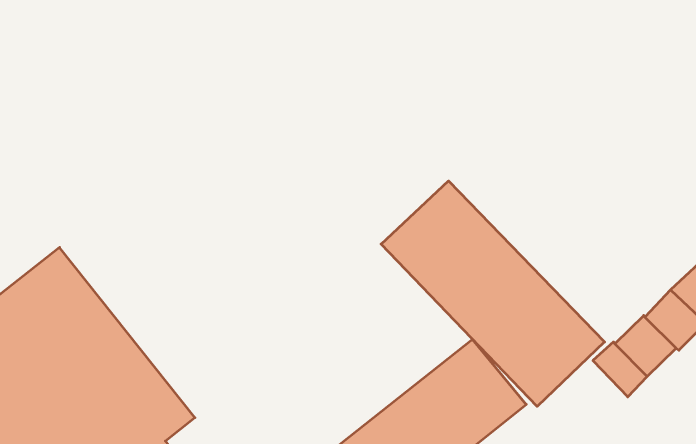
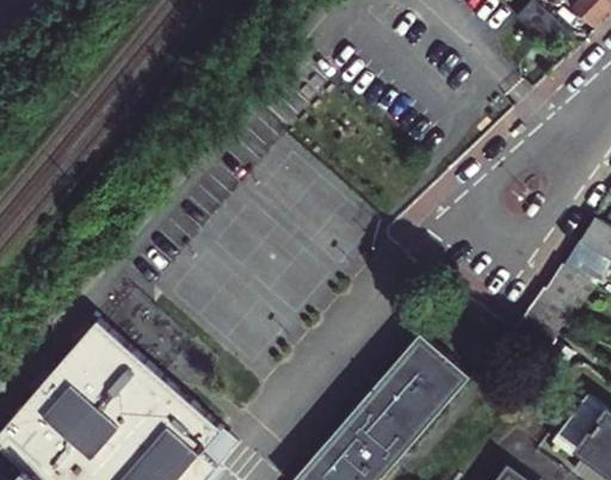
building: [381,181,605,406] -> none

